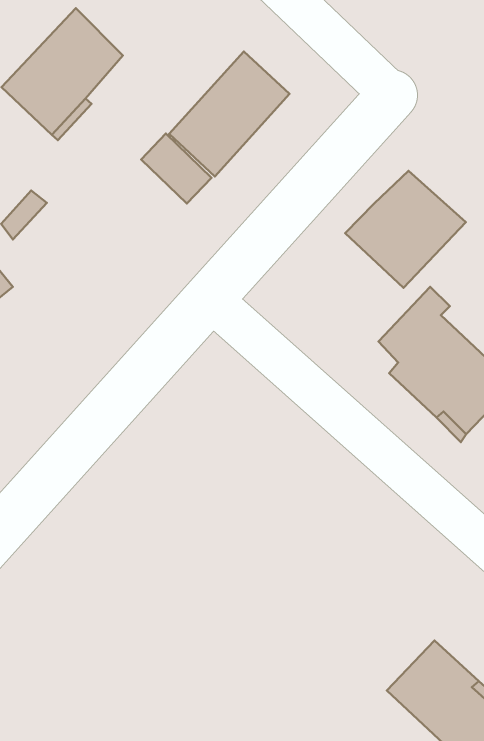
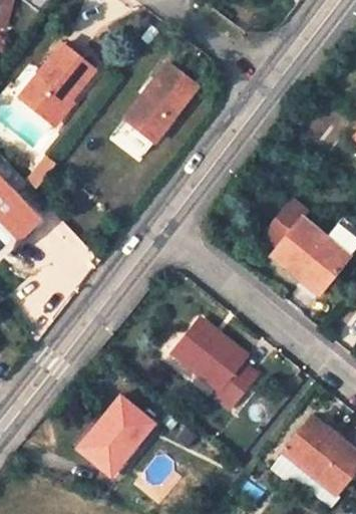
building: [345,171,466,288] -> none
building: none -> [173,317,257,408]
building: none -> [77,396,153,473]

